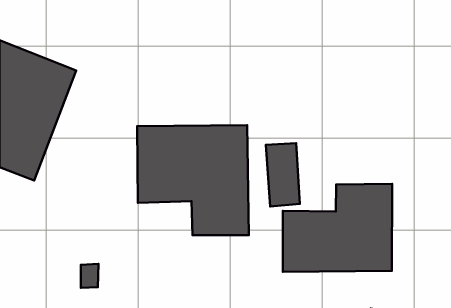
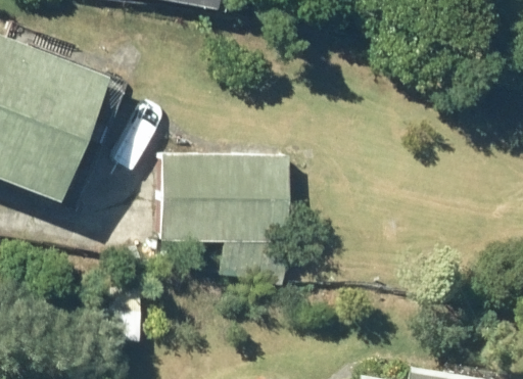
building: [283,184,392,272] -> none

